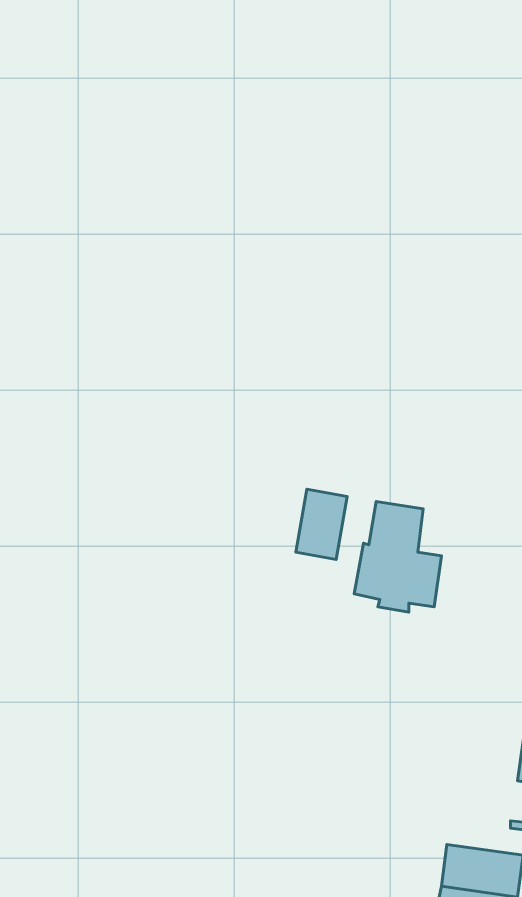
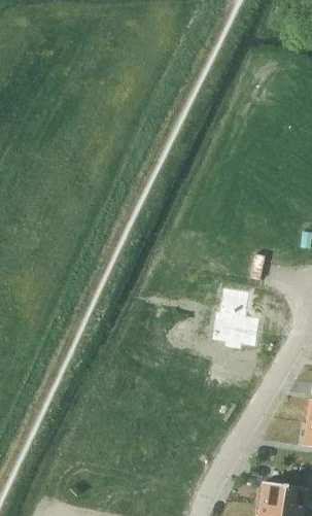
building: [296,489,347,560] -> none

